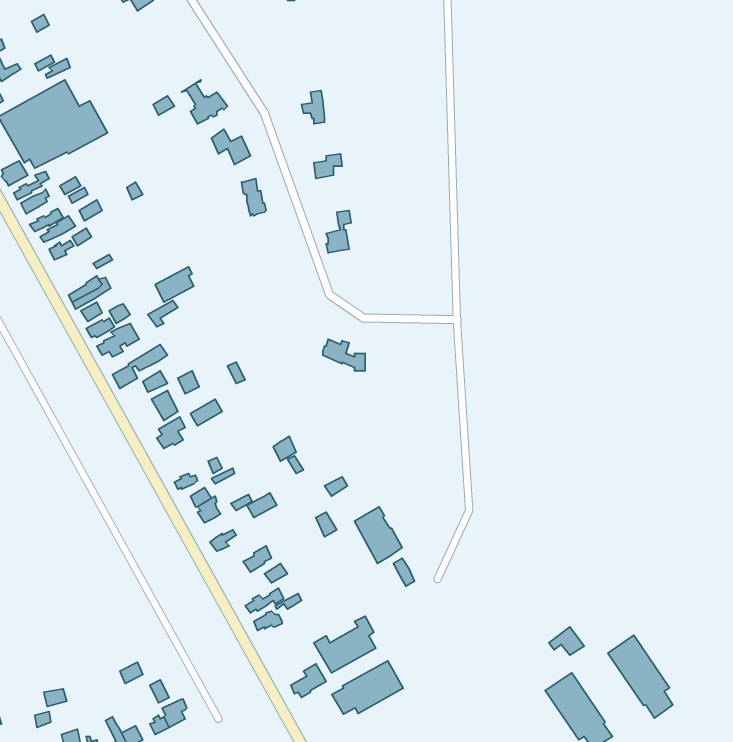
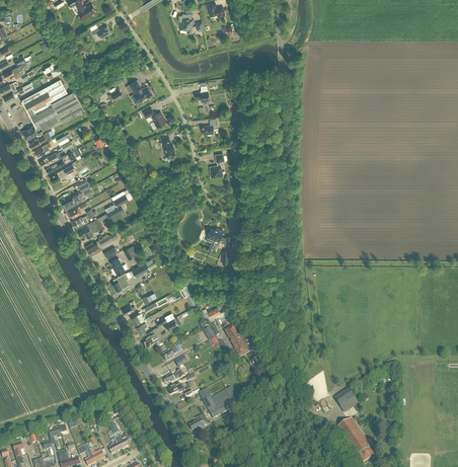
building: [608,635,673,718] -> none
building: [332,661,403,714] -> none

